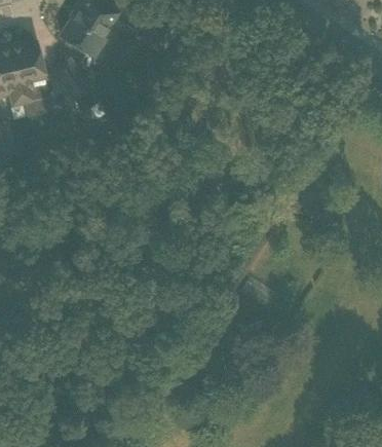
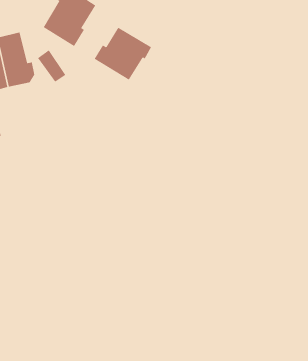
building: none -> [94,27,152,81]

